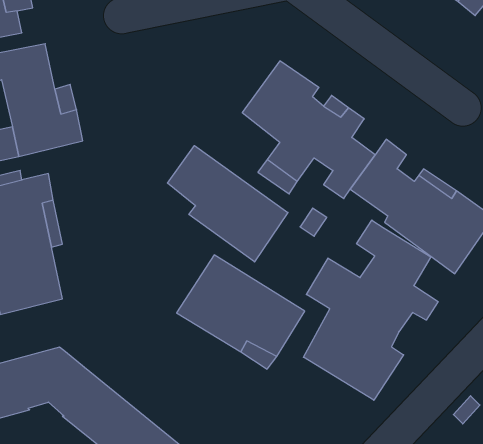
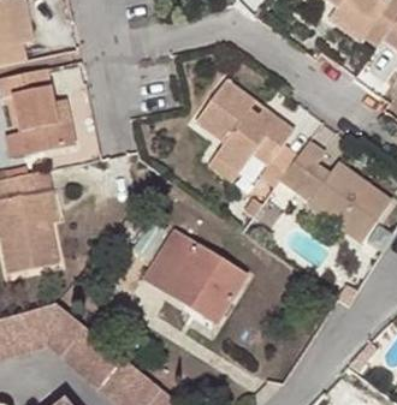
building: [167,146,288,262] -> none
building: [303,220,438,400] -> none

